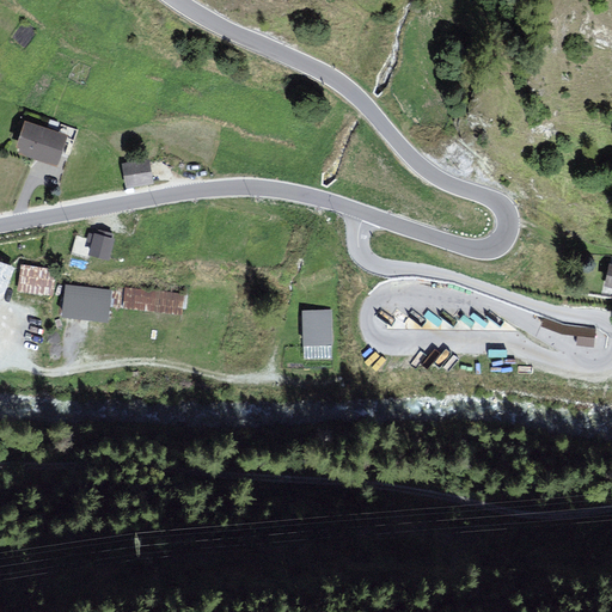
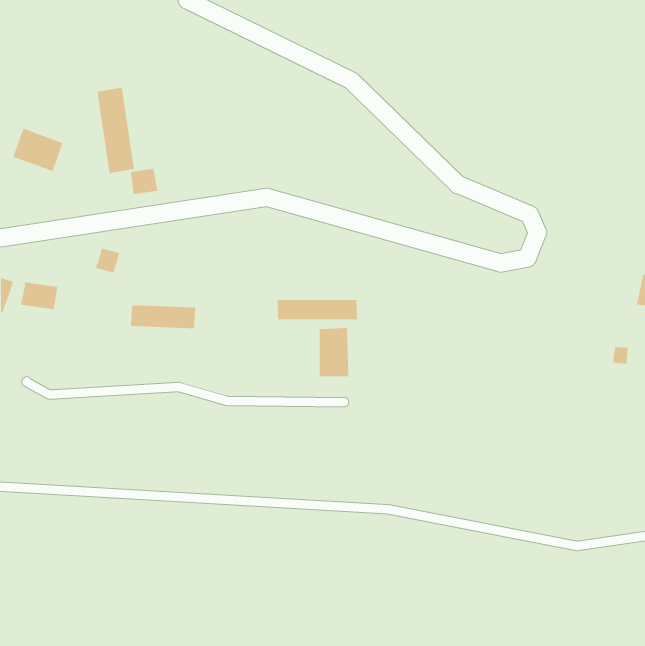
building: none -> [97,87,135,174]
building: none -> [277,299,357,320]
building: [63,284,110,319] -> none

